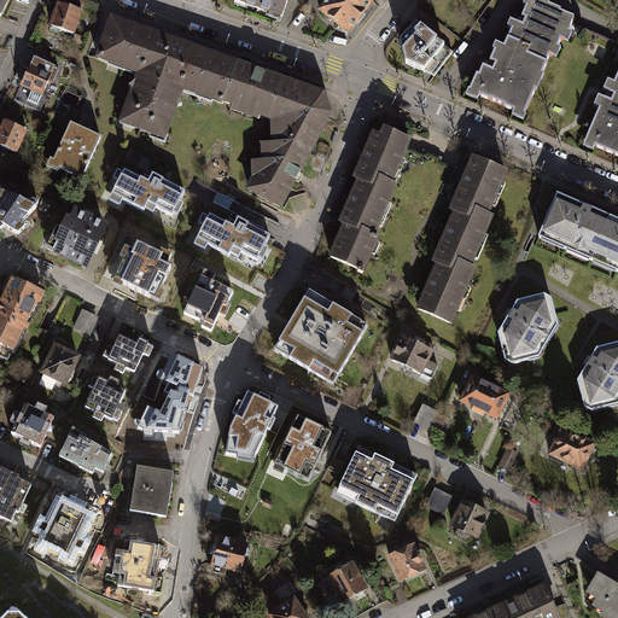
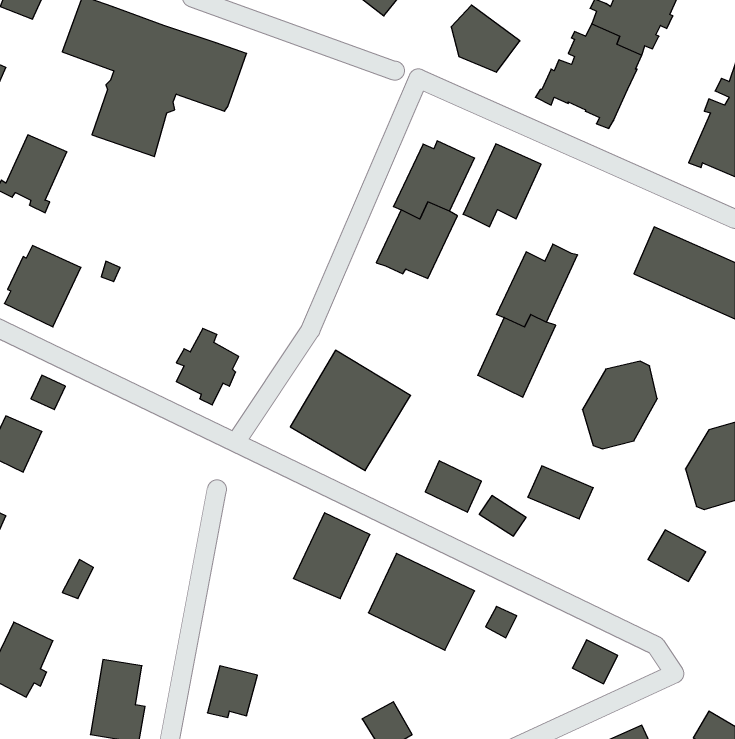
building: [225,58,336,206] -> none
building: [449,154,509,218] -> [463,144,541,227]
building: [111,168,185,214] -> none
building: [197,211,268,256] -> none
building: [331,222,384,273] -> none
building: [111,241,173,298] -> none
building: [104,334,153,371] -> none
building: [390,334,433,374] -> [425,461,481,512]
building: [138,351,203,433] -> none
building: [86,374,126,419] -> none
building: [227,386,278,455] -> none
building: [62,432,99,468] -> none
building: [129,465,171,515] -> none
building: [450,499,485,532] -> [572,640,618,684]
building: [389,541,427,578] -> none

